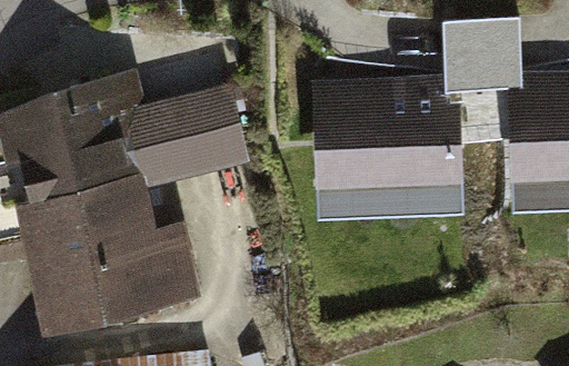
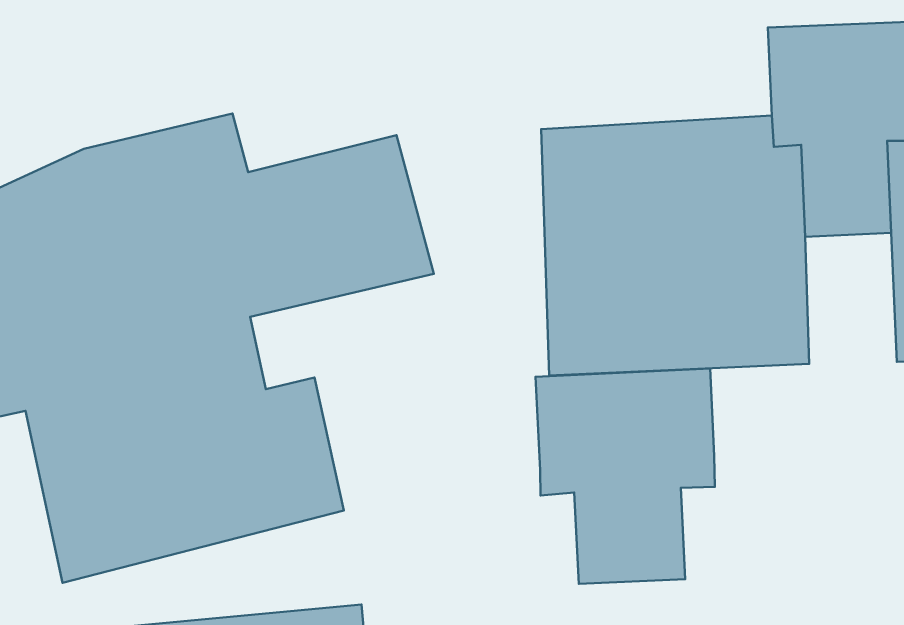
building: none -> [536,368,715,584]

